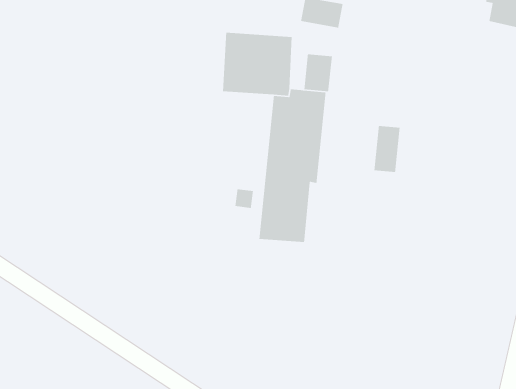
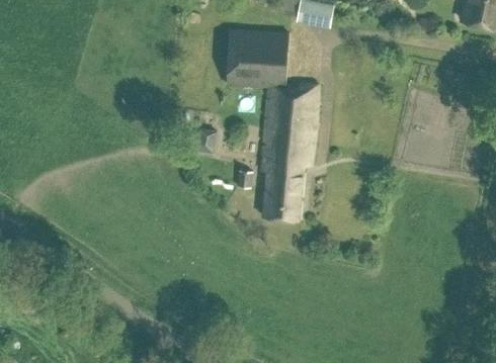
building: [303,53,333,92] -> none
building: [374,125,400,173] -> none

